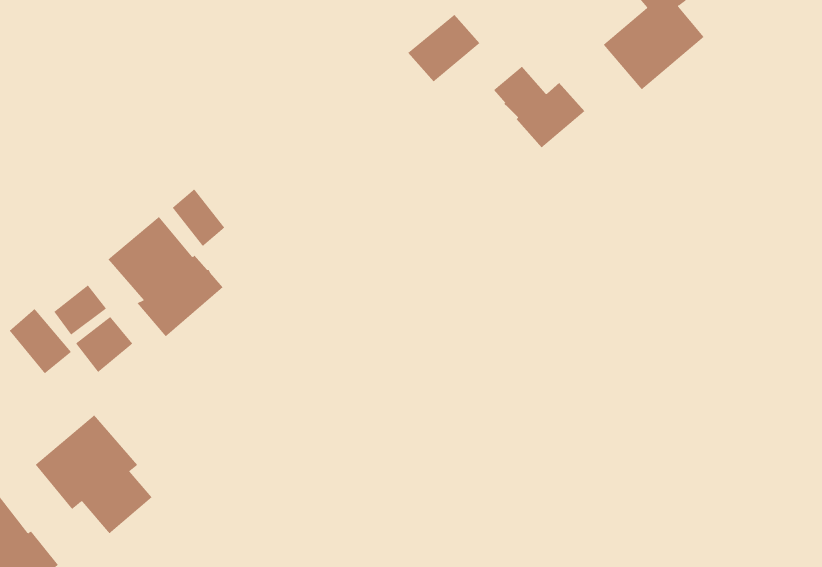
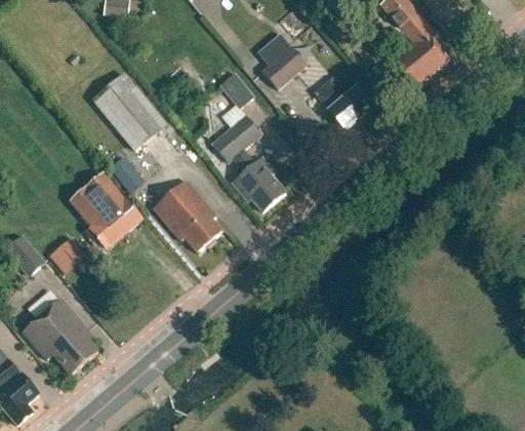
building: none -> [220,73,254,108]
building: none -> [92,74,165,149]
building: none -> [213,114,285,211]
building: none -> [153,181,221,252]
building: [53,285,107,336] -> none

